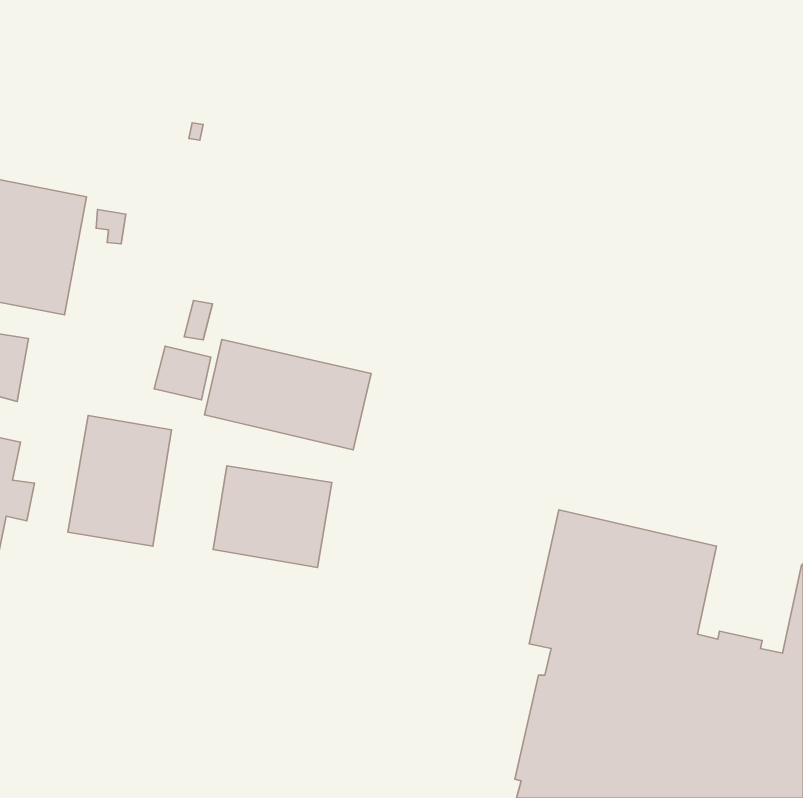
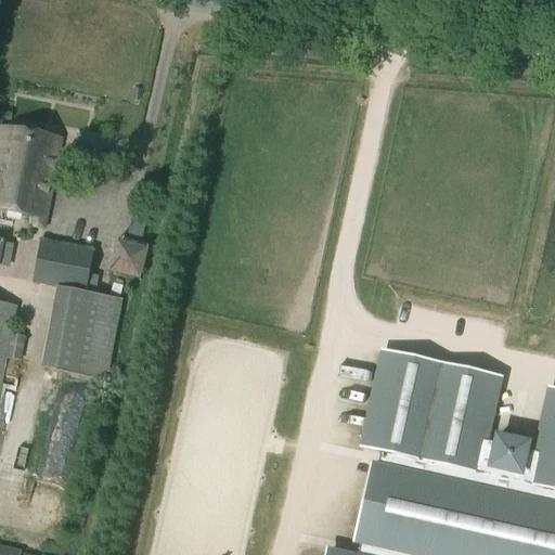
building: [204,340,371,450] -> none
building: none -> [34,237,90,289]
building: [213,466,332,568] -> none

